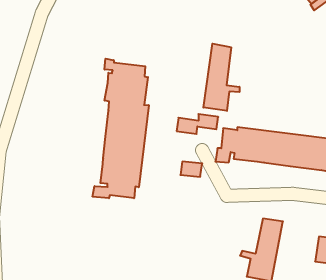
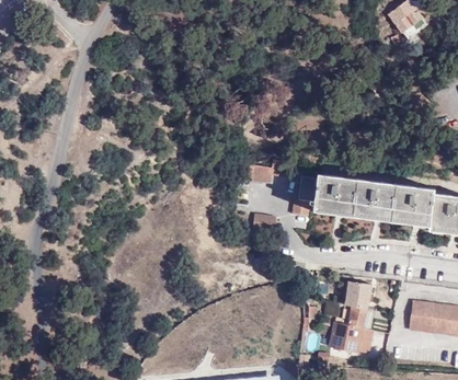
building: [203,44,239,111] -> none
building: [93,59,149,198] -> none

